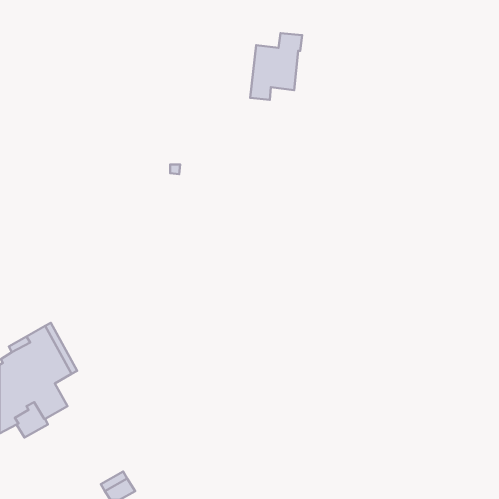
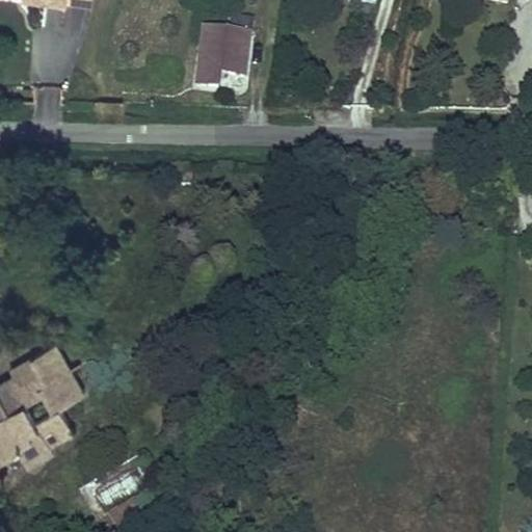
building: [250,33,302,100] -> [196,18,251,88]

